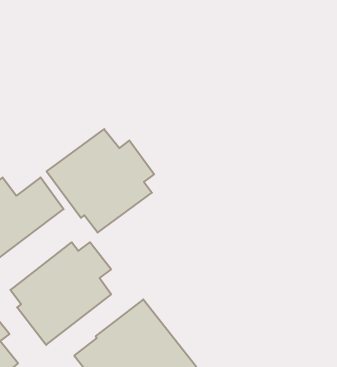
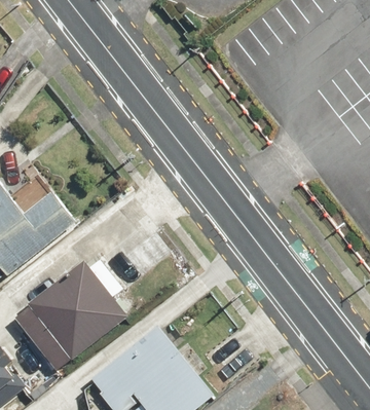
building: [47,129,154,233] -> none

